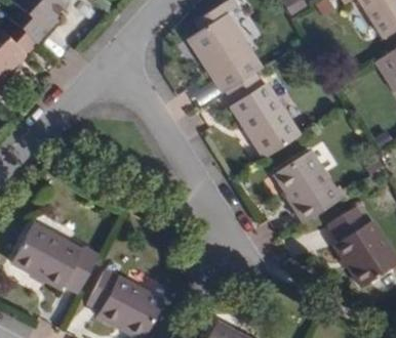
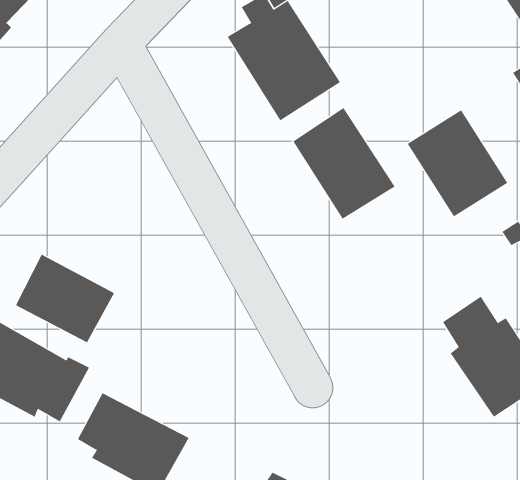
building: [275,153,342,223] -> [407,110,508,217]
building: none -> [15,254,115,343]

